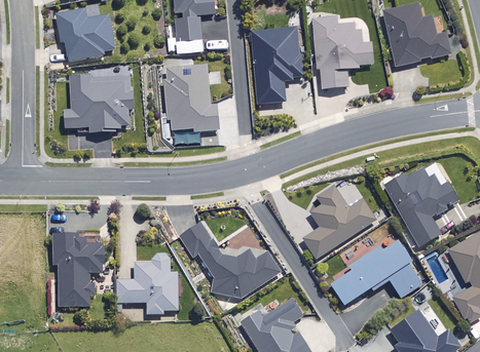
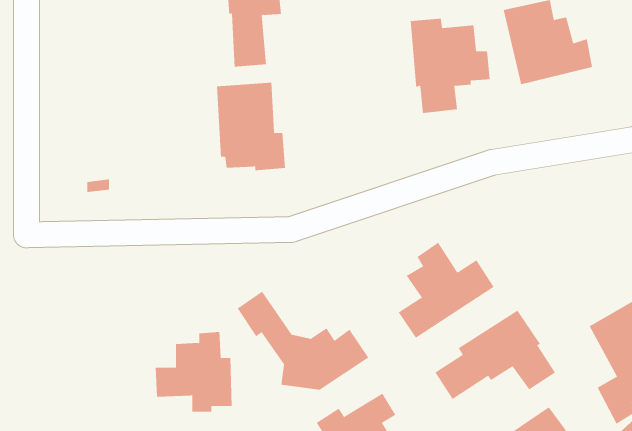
building: [56,9,113,60] -> none
building: [253,26,303,104] -> none
building: [63,75,133,131] -> none
building: [382,159,458,246] -> none
building: [50,233,103,306] -> none

